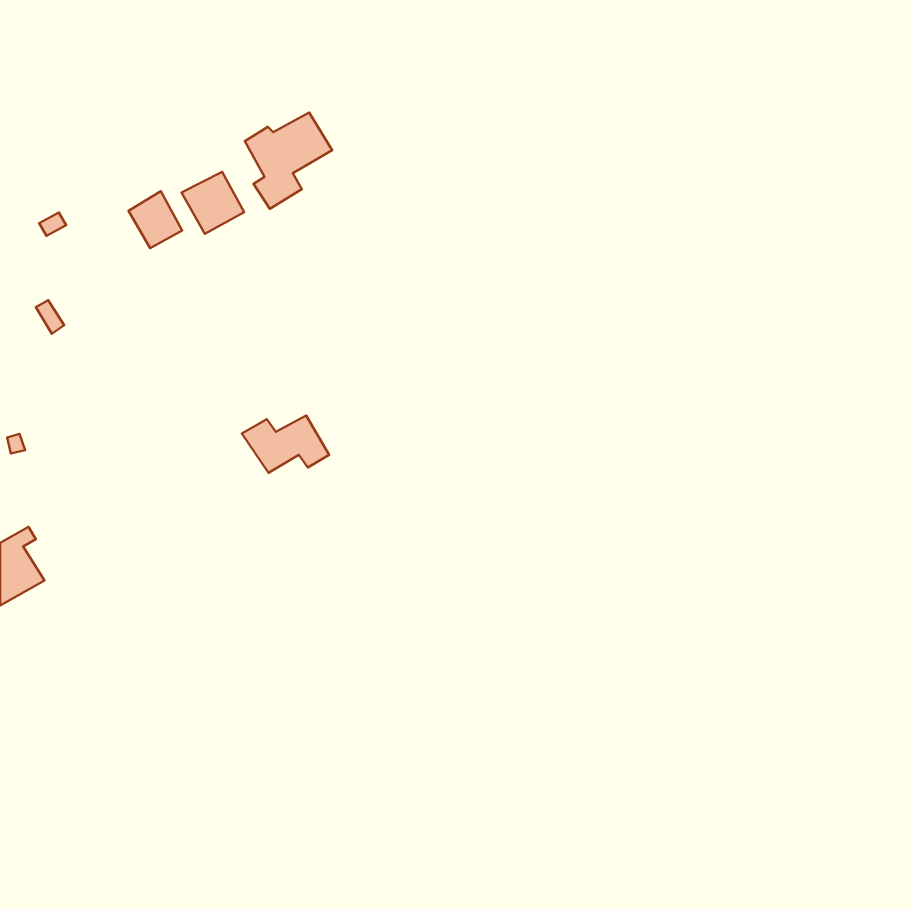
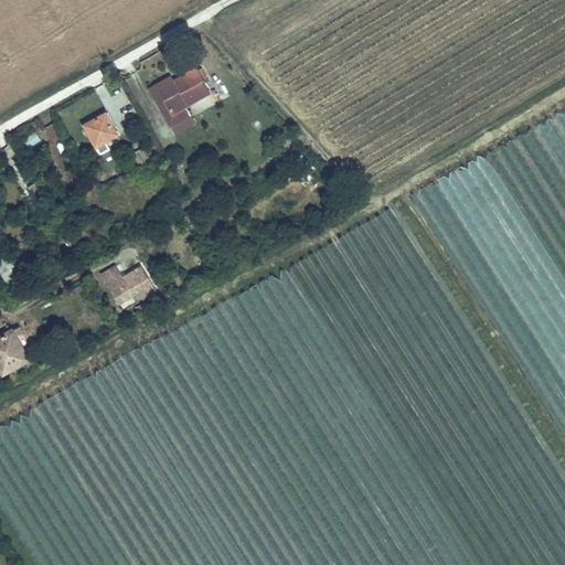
building: [181,172,244,234] -> none
building: [242,416,329,473] -> [100,264,154,299]

